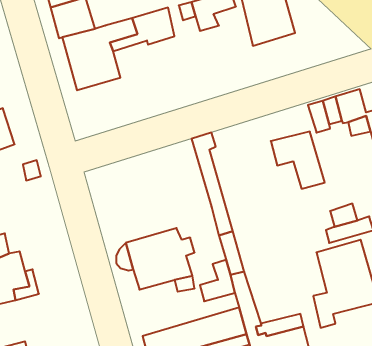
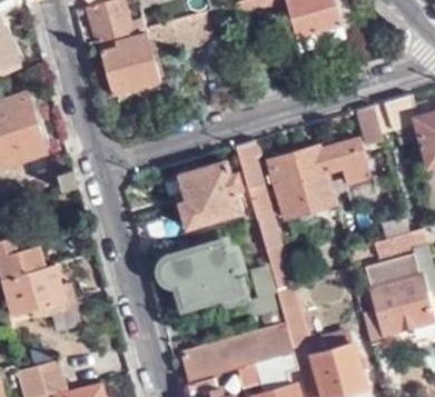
building: none -> [267,143,335,218]
building: none -> [178,161,244,228]

